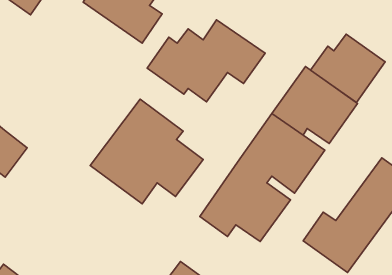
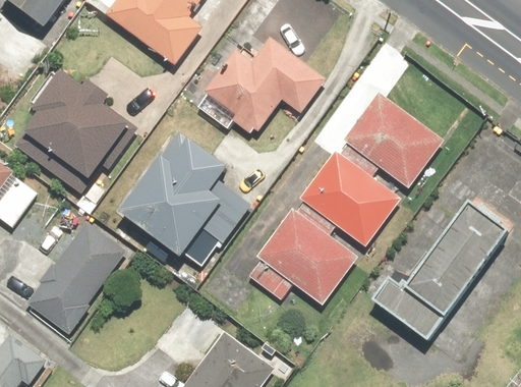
building: [311,34,385,102] -> none
building: none -> [21,69,129,180]
building: none -> [24,220,128,333]

